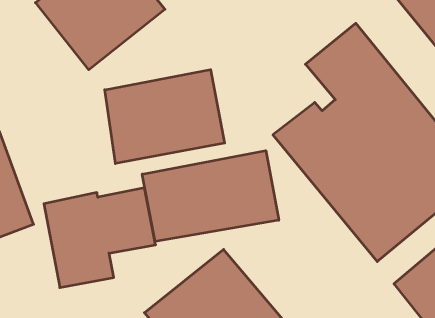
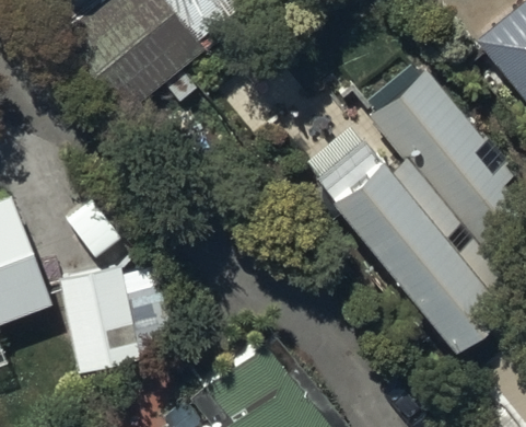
building: [105,70,225,164] -> none
building: [142,151,279,242] -> none

